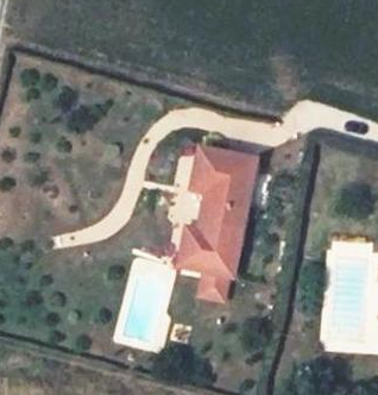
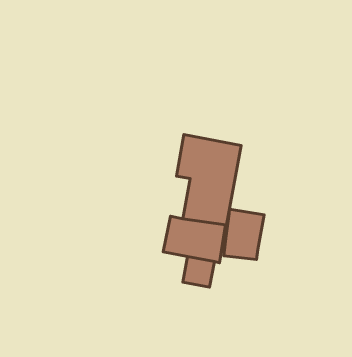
building: none -> [224,209,264,260]

